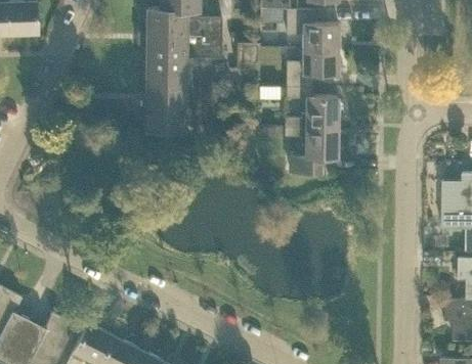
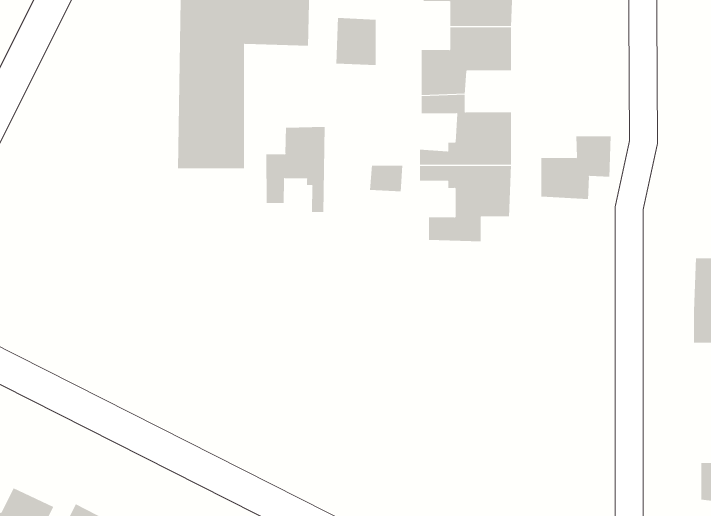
building: none -> [266,126,325,213]
building: none -> [541,136,611,200]

